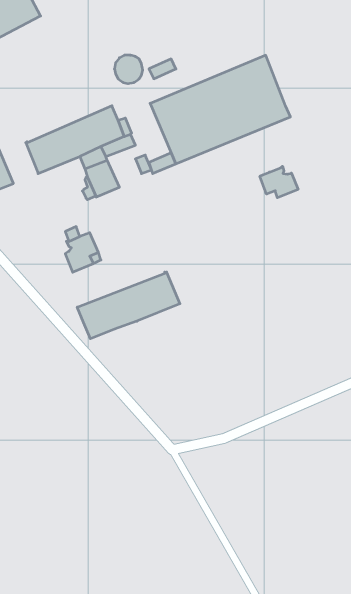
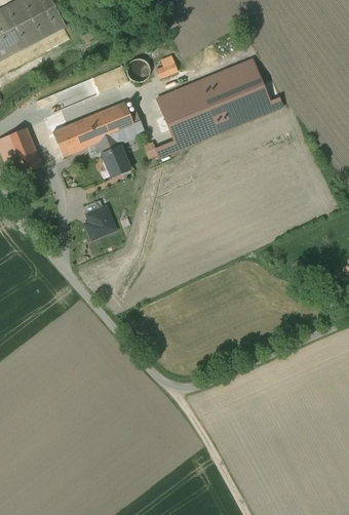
building: [260,166,298,198] -> none
building: [77,272,180,339] -> none

